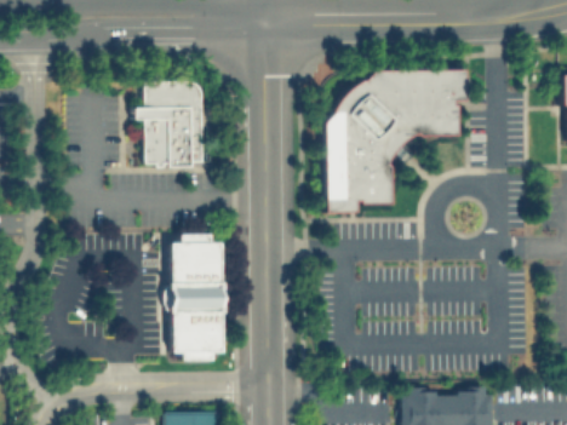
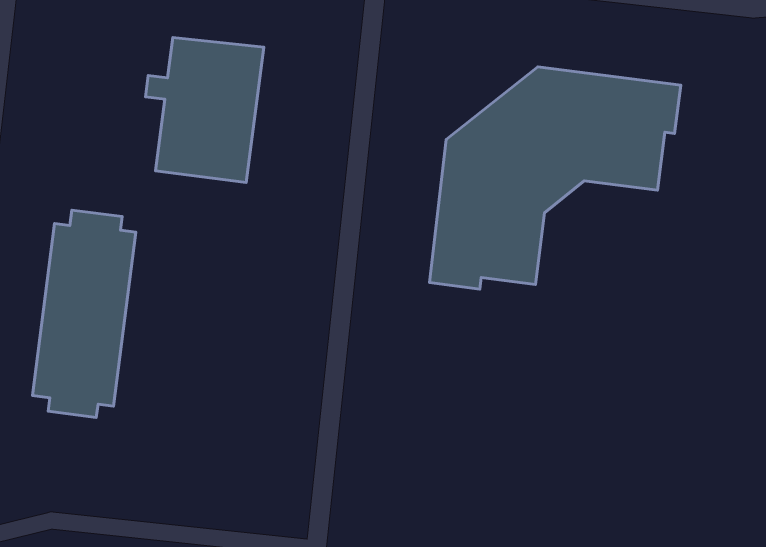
building: [170,234,220,360] -> [32,210,136,418]

